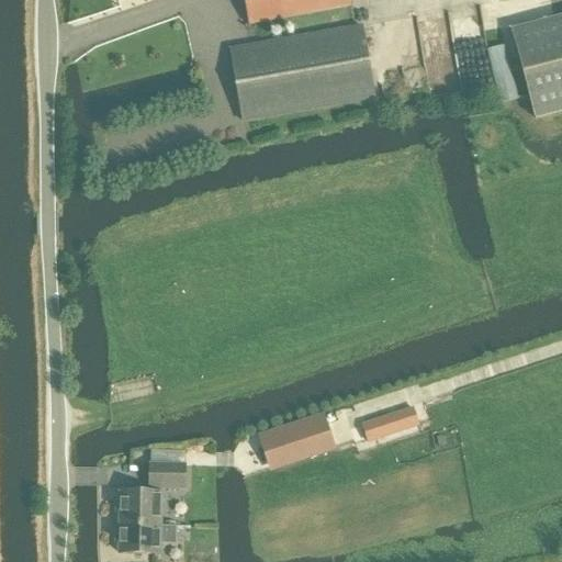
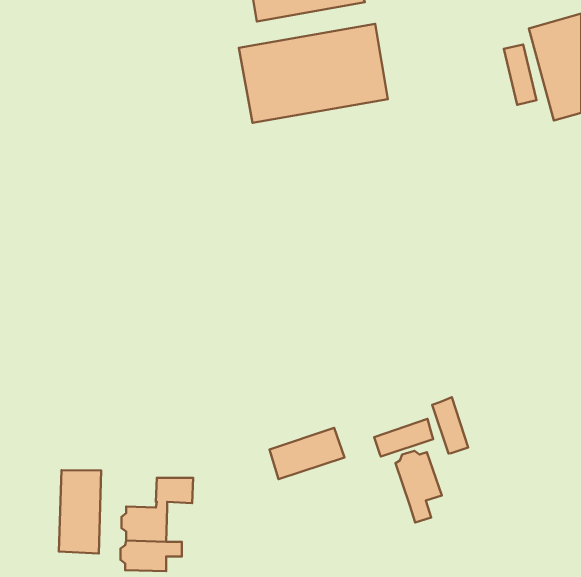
building: none -> [432,397,468,454]
building: none -> [395,451,442,522]
building: none -> [59,470,101,553]

